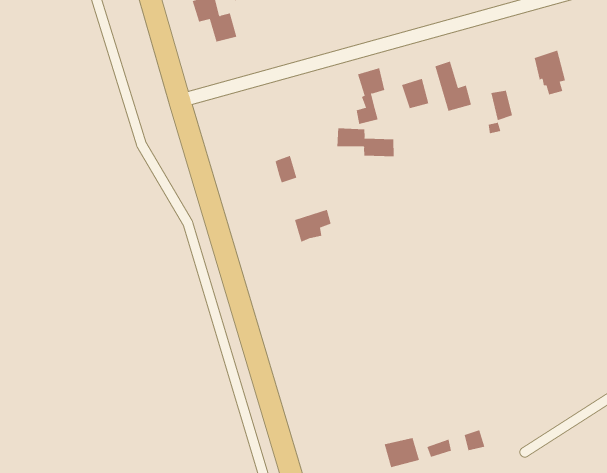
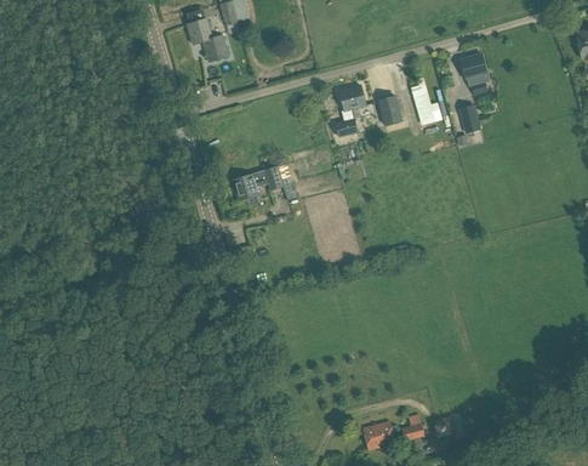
building: [534,50,566,95] -> [461,52,490,93]
building: [337,128,394,157] -> none
building: [294,209,331,243] -> [233,170,267,200]

